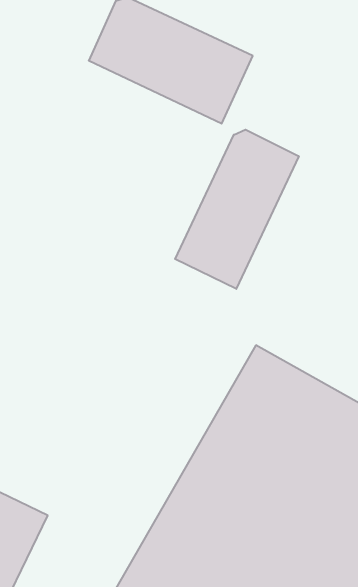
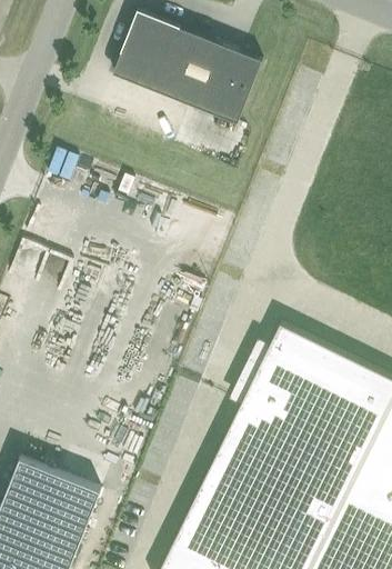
building: [175,130,299,289] -> none

